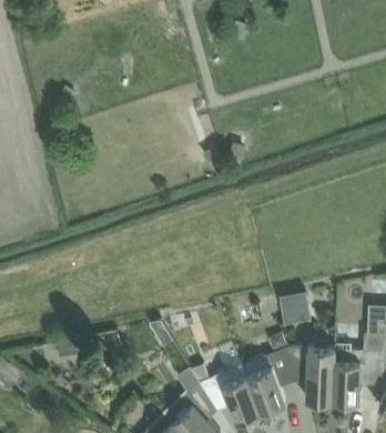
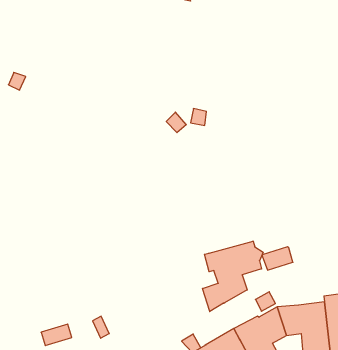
building: none -> [203,241,263,312]

